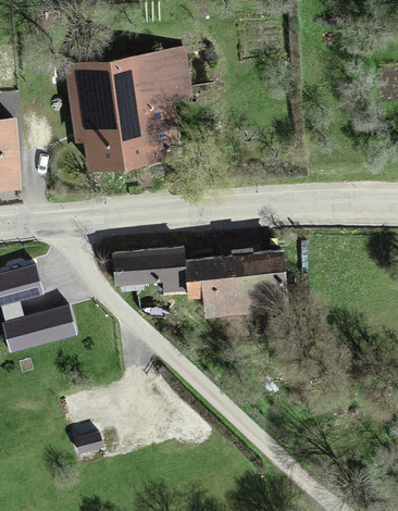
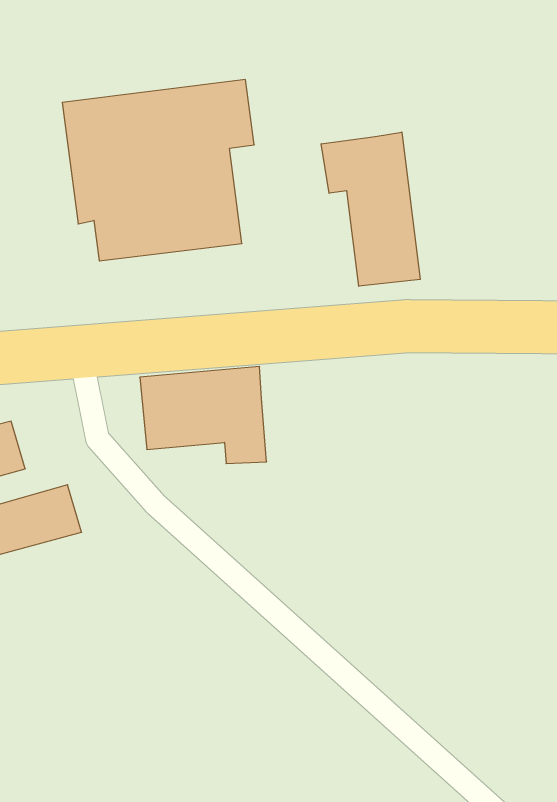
building: none -> [321,132,420,286]
building: [189,245,294,317] -> none

